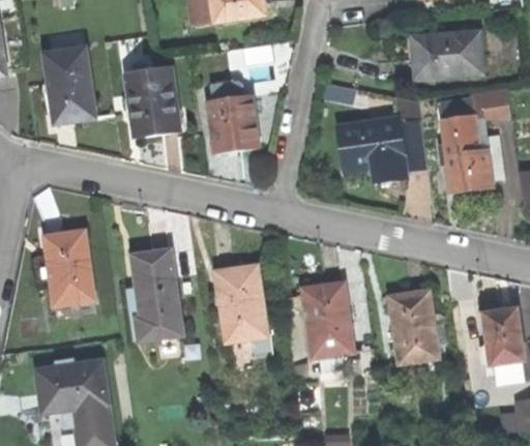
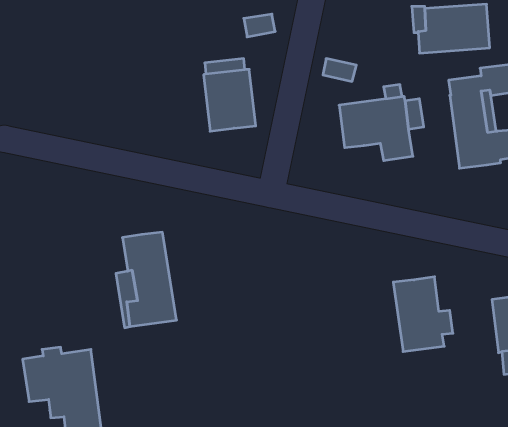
building: [45,48,95,123] -> none
building: [127,68,179,138] -> none
building: [43,231,93,306] -> none
building: [215,267,266,341] -> none
building: [301,284,353,358] -> none

